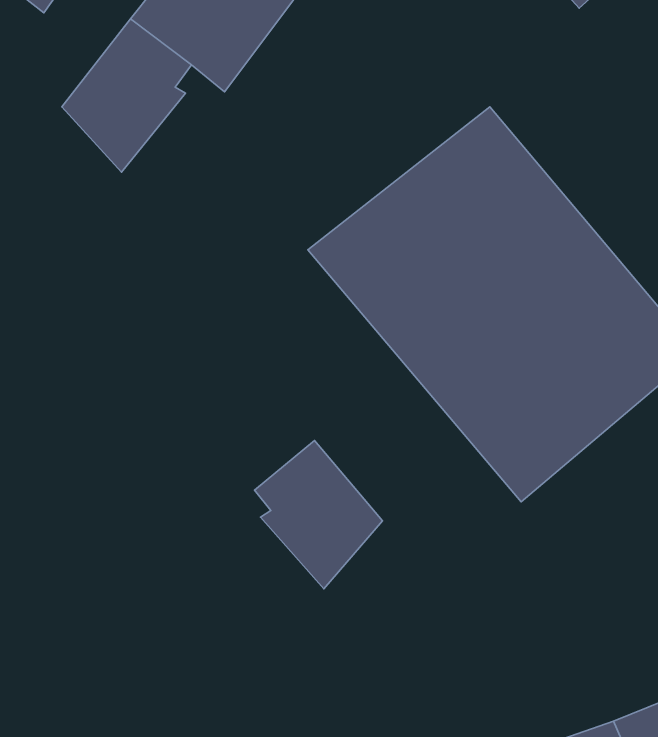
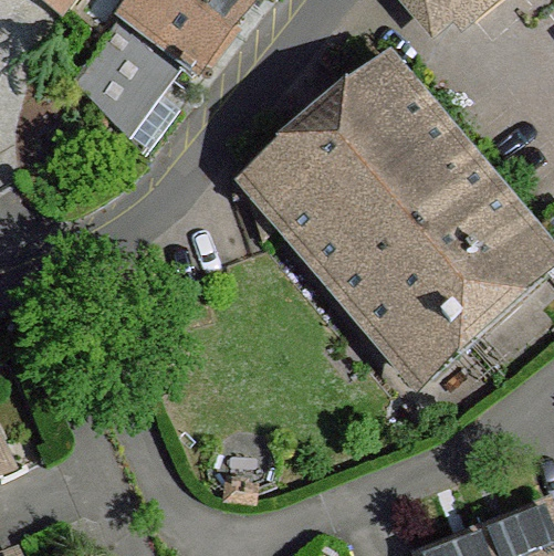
building: [255,441,383,589] -> none

